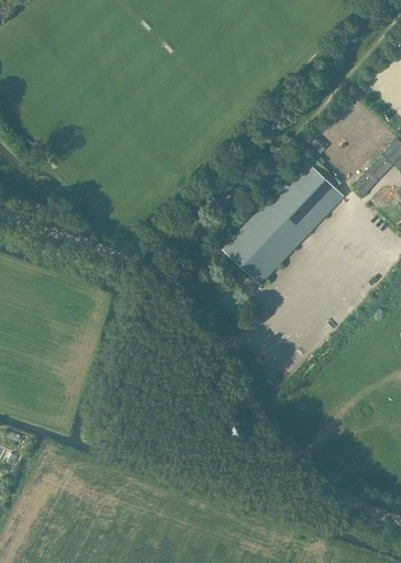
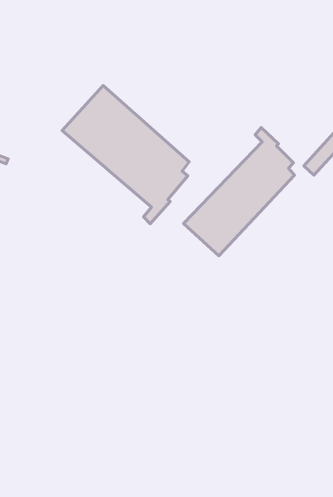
building: none -> [62,85,189,224]

